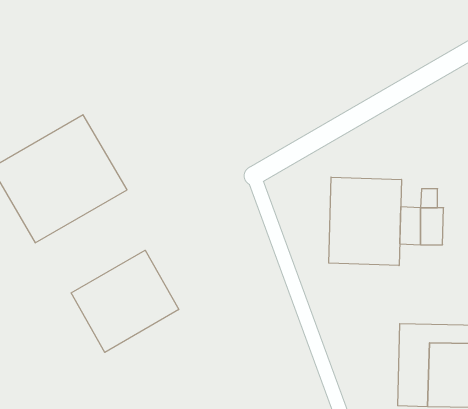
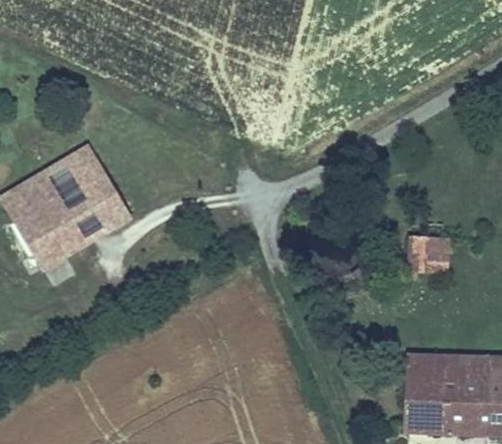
building: [329,177,401,266] -> none
building: [71,250,179,352] -> none

